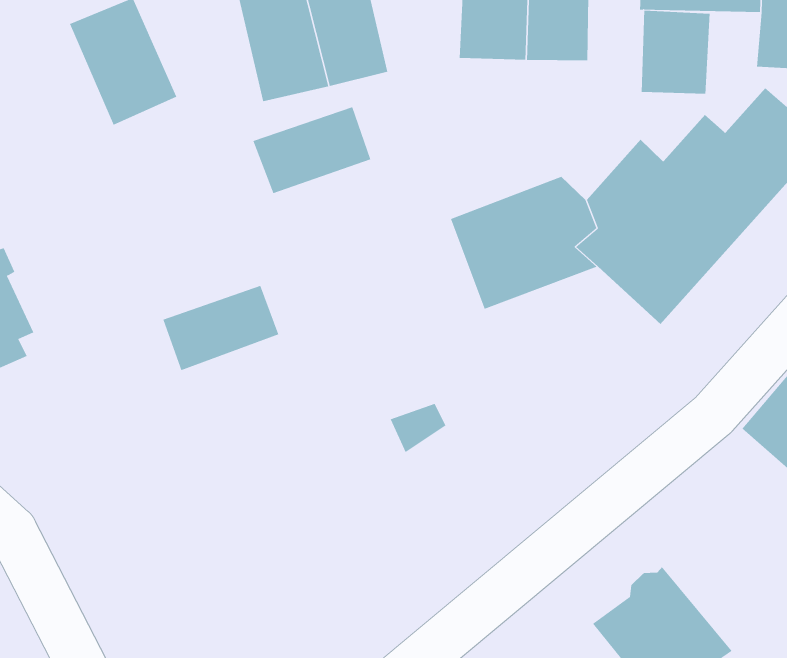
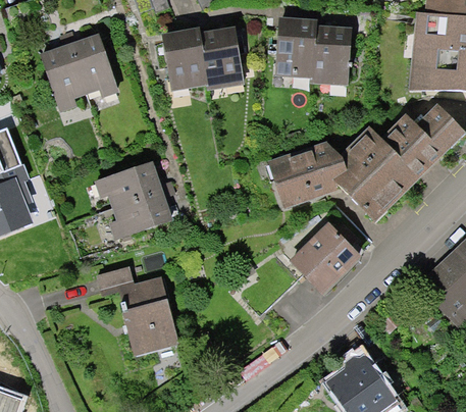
building: [641,10,710,94] -> none
building: none -> [38,47,88,113]
building: [252,106,371,194] -> [99,162,161,206]
building: none -> [289,222,361,295]
building: none -> [96,267,186,358]

